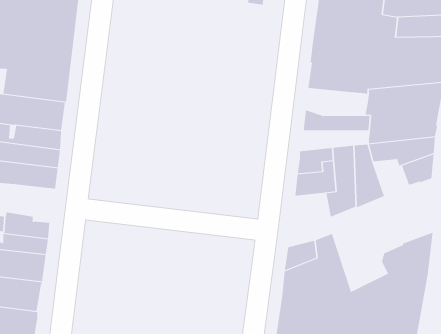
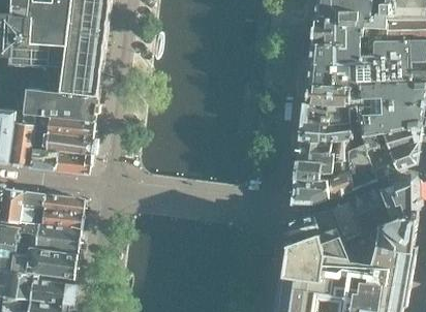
building: none -> [305,84,360,107]
building: none -> [300,121,360,138]
building: none -> [364,146,395,178]
building: none -> [292,175,327,202]
building: none -> [329,178,417,242]

